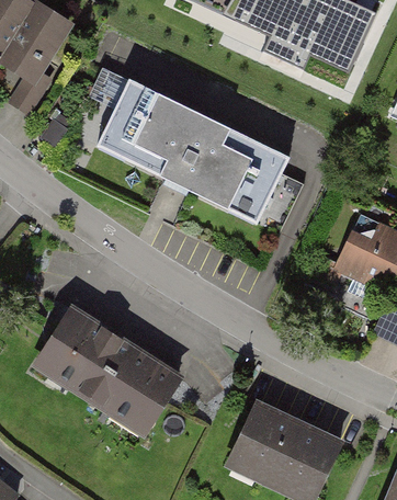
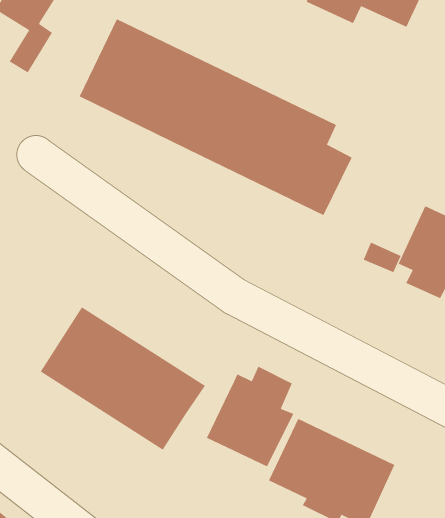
building: none -> [206,366,294,467]

